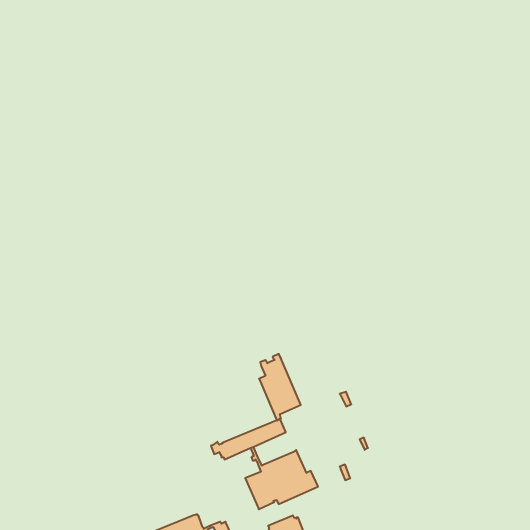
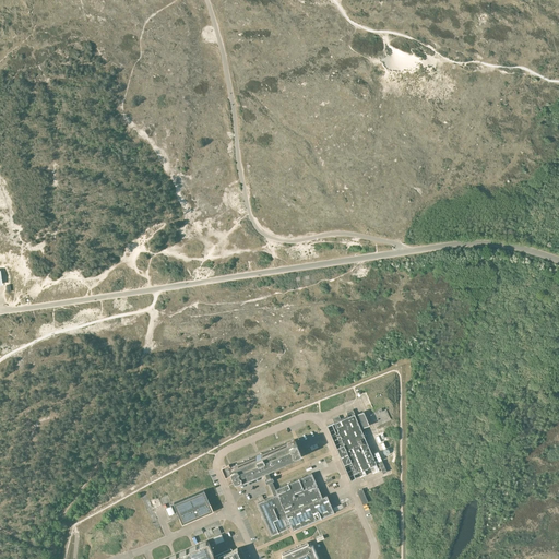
building: [259,354,301,420] -> [333,411,377,480]
building: none -> [175,491,214,525]

